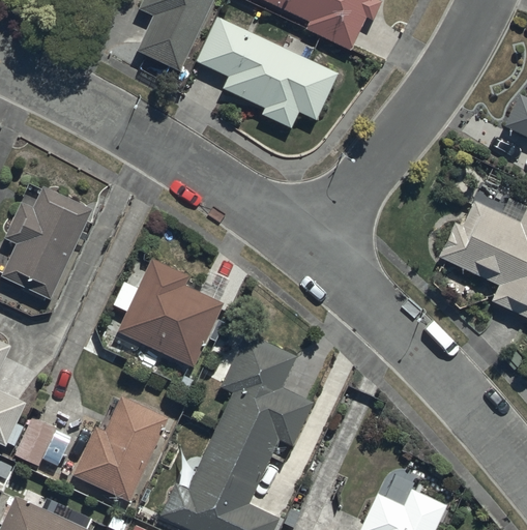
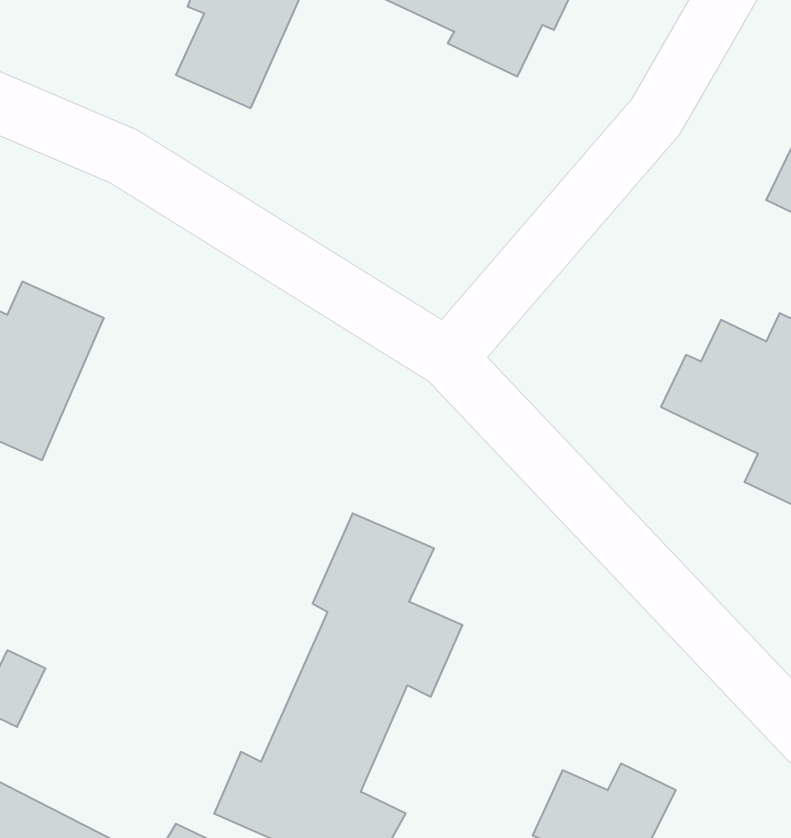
building: [196,23,340,134] -> none
building: [115,253,232,361] -> none
building: [75,390,169,495] -> none

